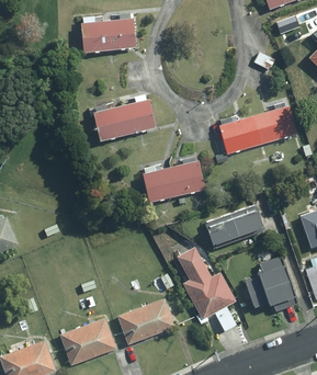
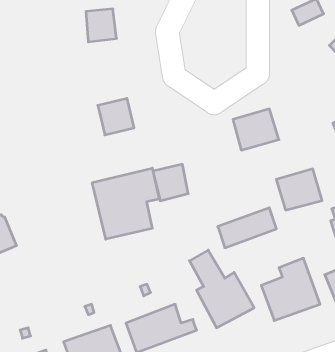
building: [106,19,135,49] -> none
building: [120,99,154,133] -> none
building: [252,105,295,144] -> [276,169,322,210]
building: [171,161,204,194] -> none
building: none -> [92,168,159,239]

